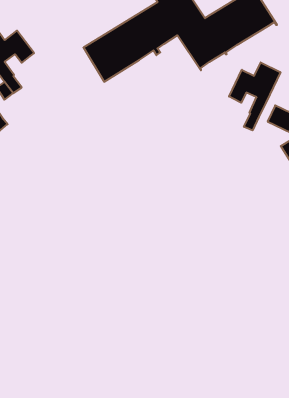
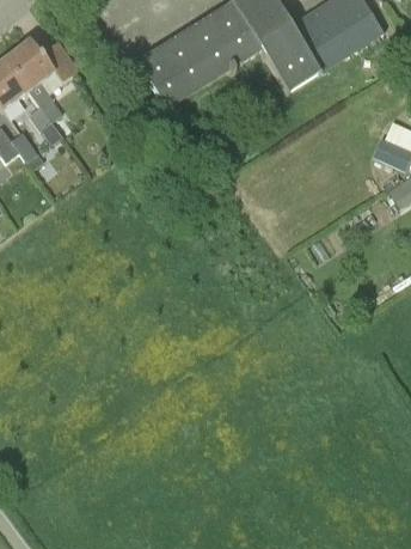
building: [229,62,280,130] -> none

